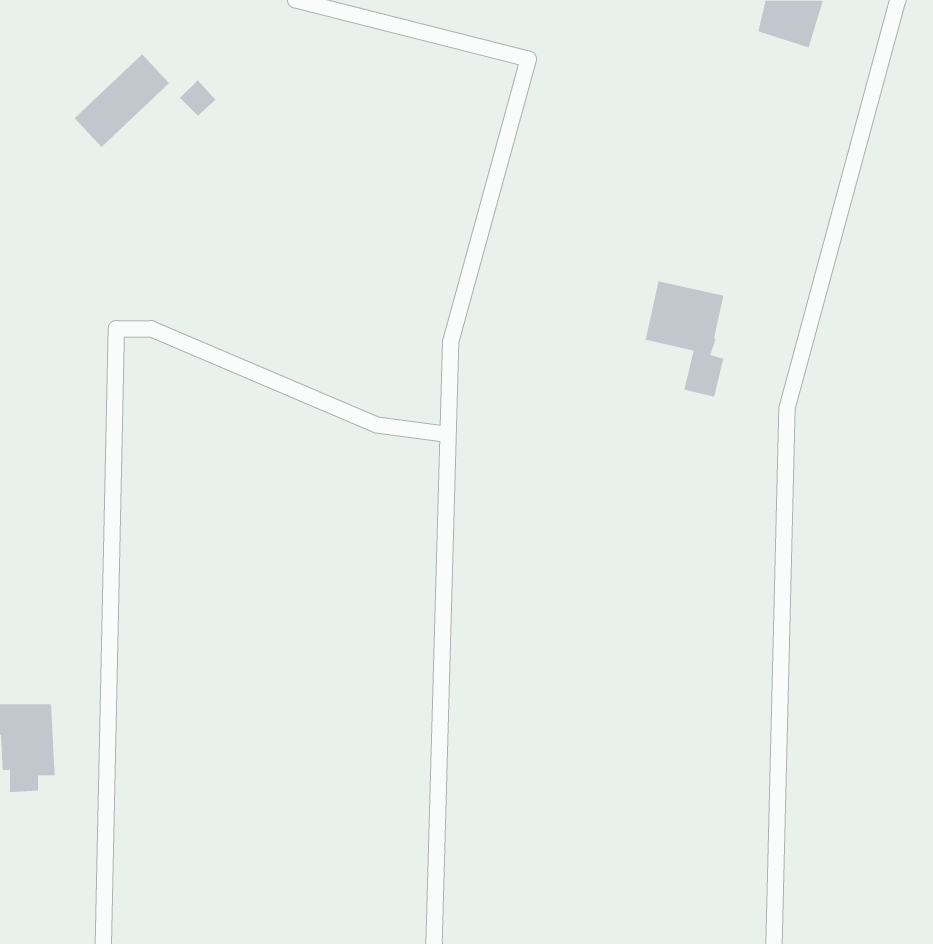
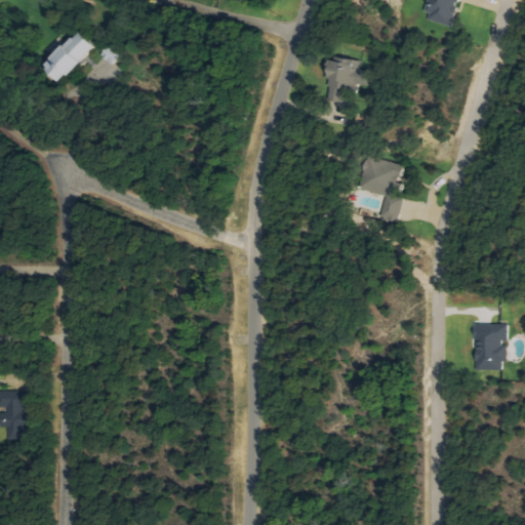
building: none -> [326,58,368,103]
building: none -> [473,324,504,370]

